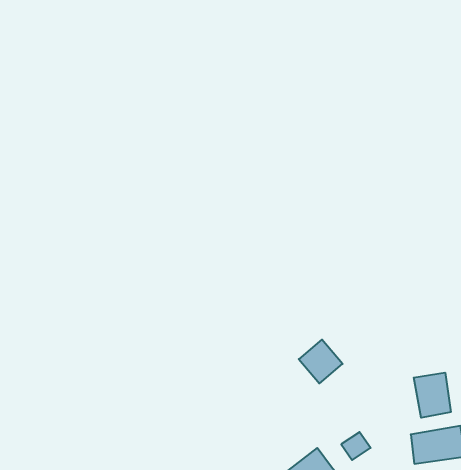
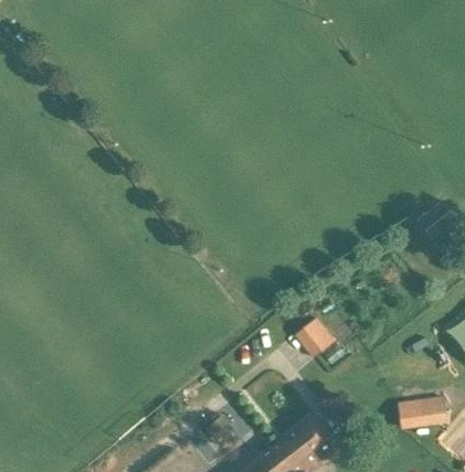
building: [414,373,451,418] -> none

